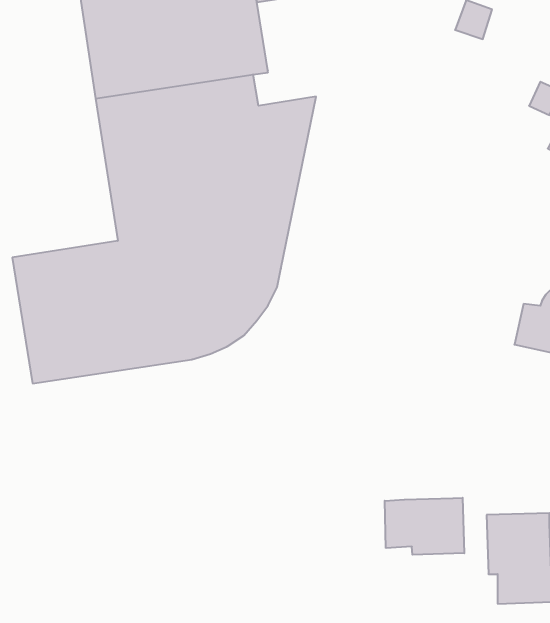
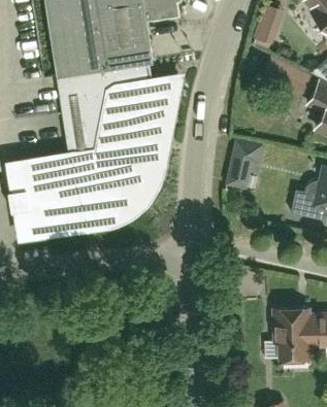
building: none -> [228,142,263,189]
building: [385,498,464,555] -> none

